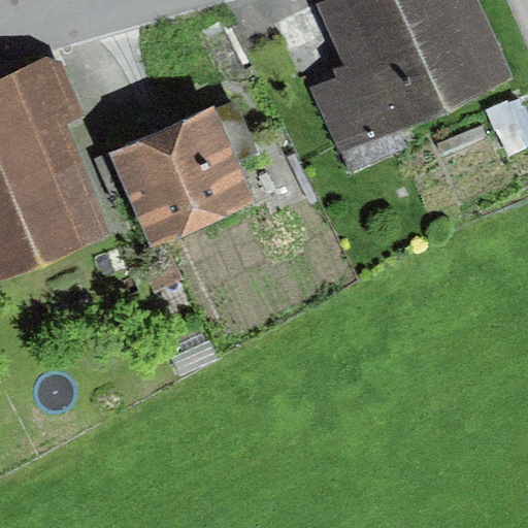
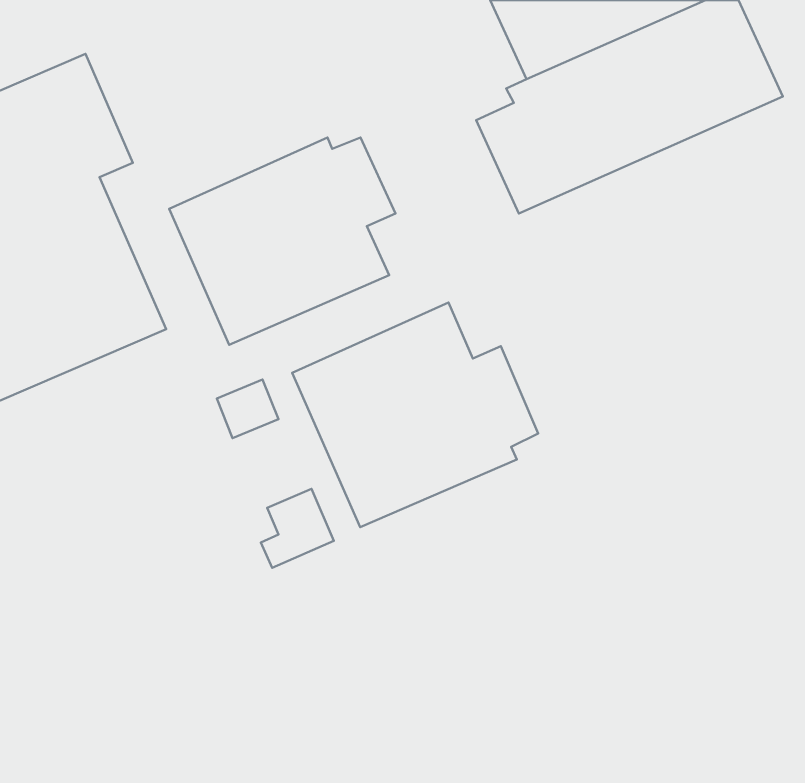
building: none -> [292,302,538,527]

